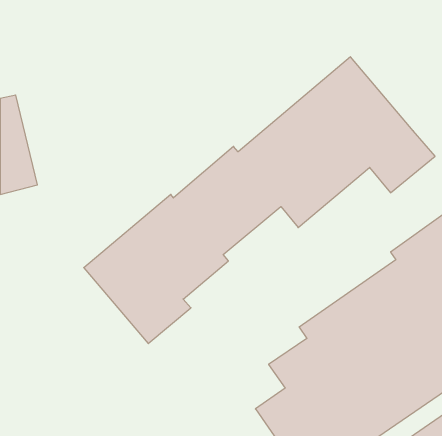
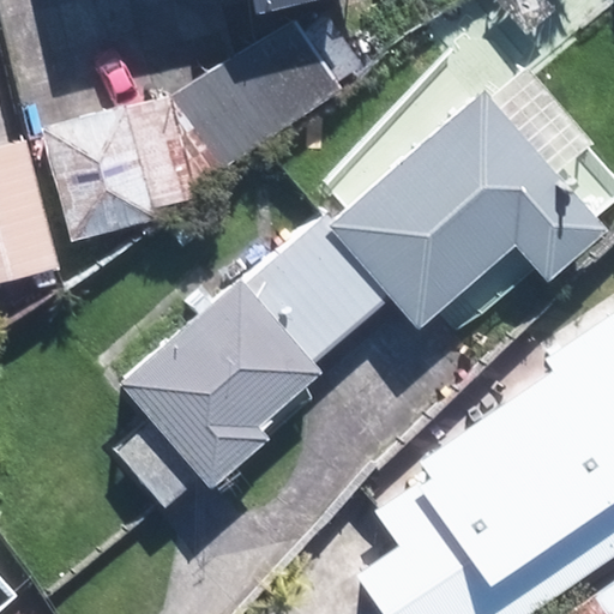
building: none -> [173,22,339,171]
building: none -> [41,101,192,246]

